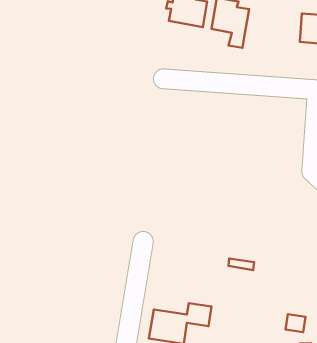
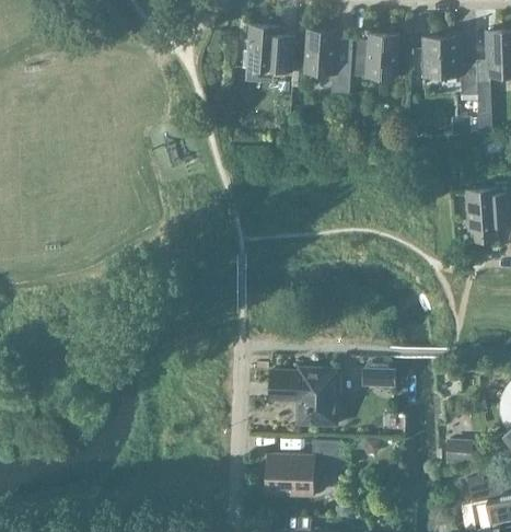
building: none -> [348,35,396,80]
building: none -> [269,369,338,427]

